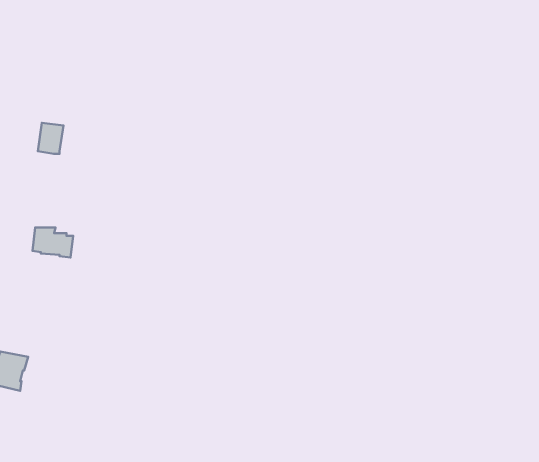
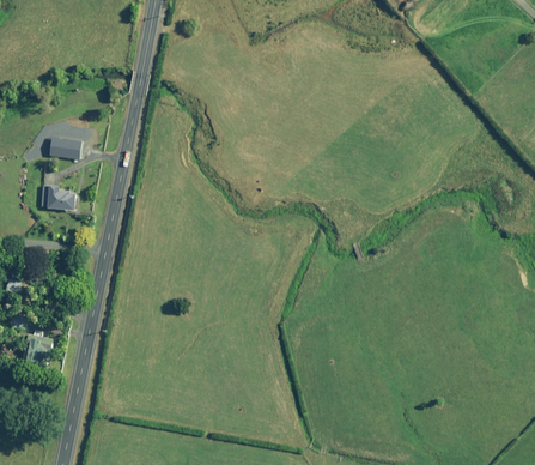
building: [33,228,73,257] -> [39,185,75,211]

